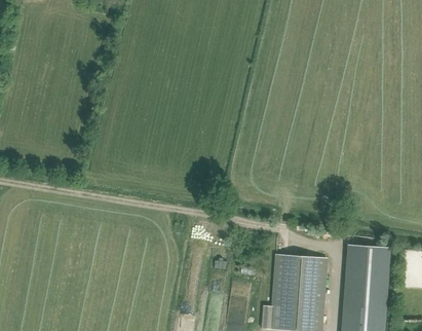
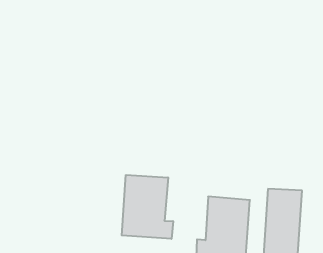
building: none -> [122,175,173,239]

